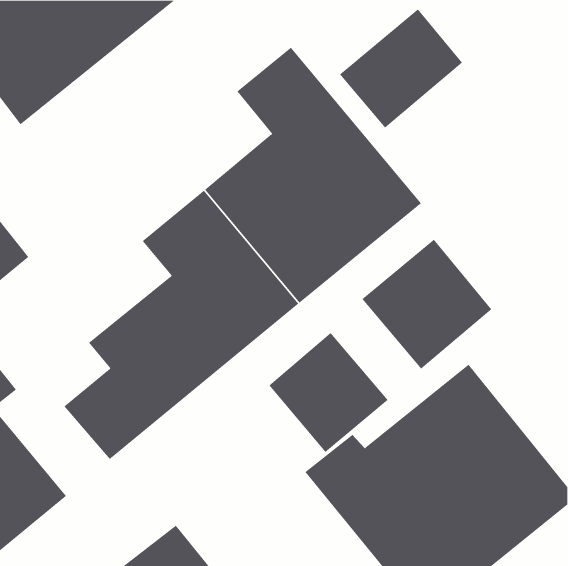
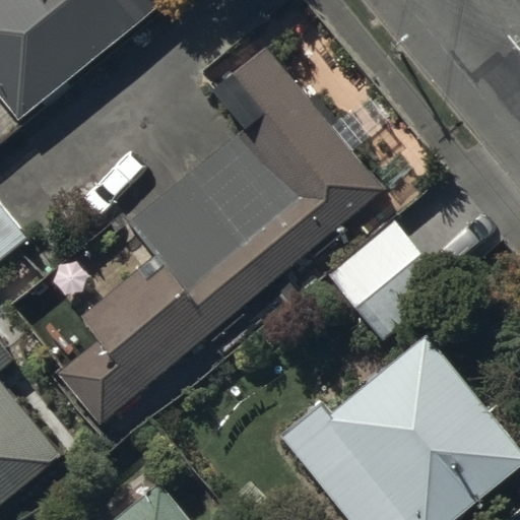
building: [339,9,463,128] -> none
building: [269,332,388,453] -> none

